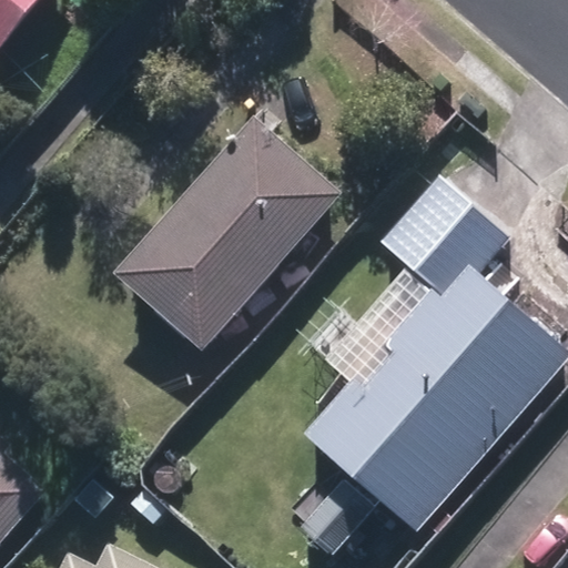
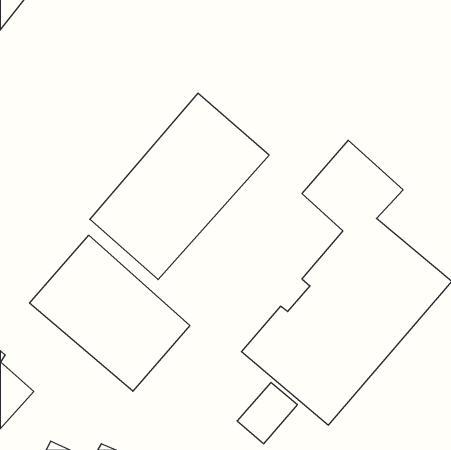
building: none -> [30,235,190,391]

